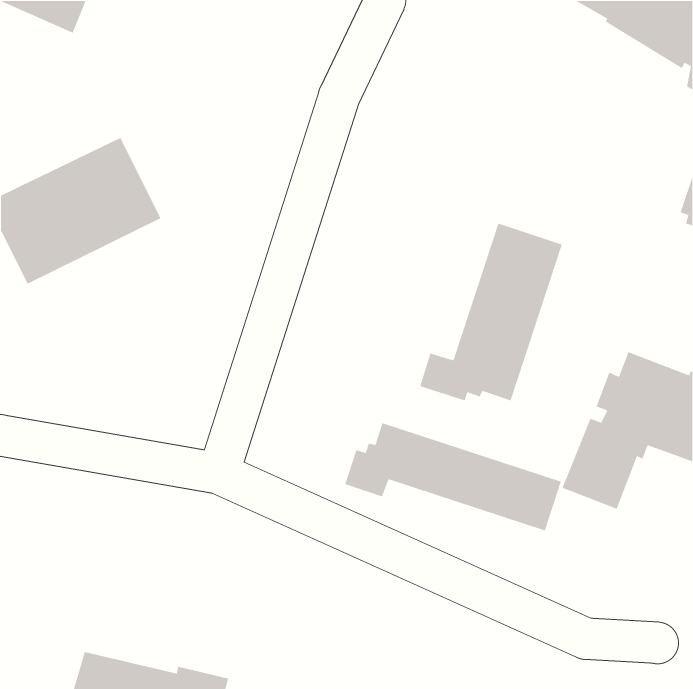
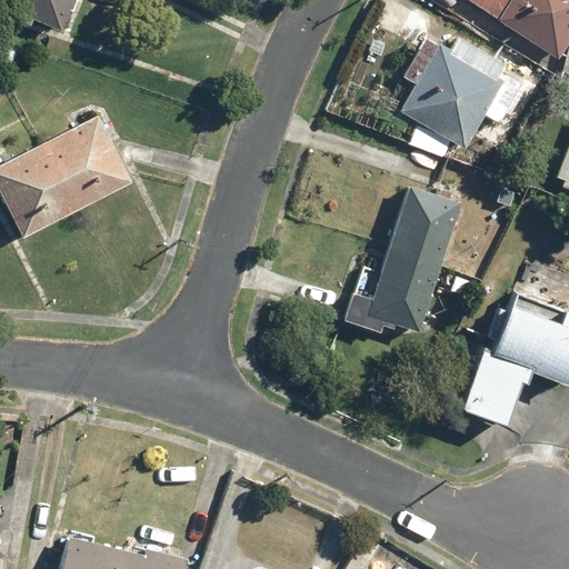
building: none -> [401,36,525,148]
building: [344,422,562,531] -> none

